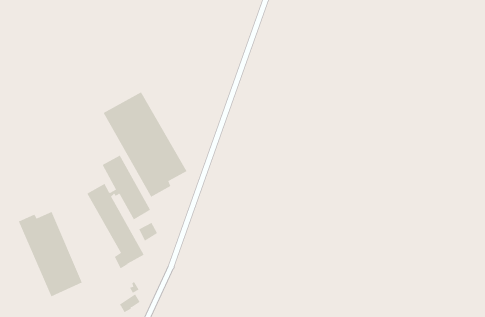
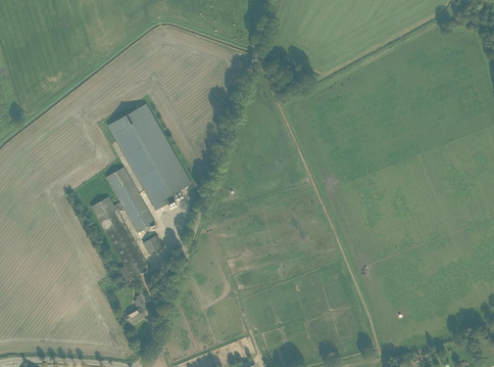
building: [18,211,83,297] -> none

